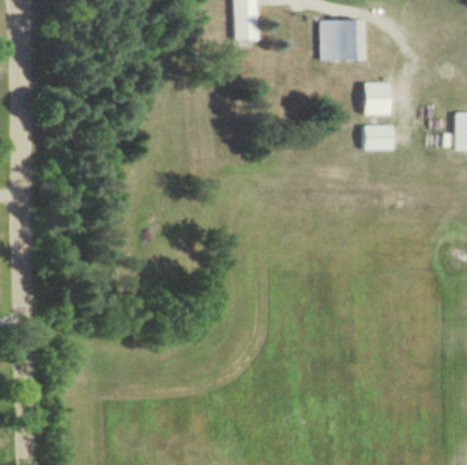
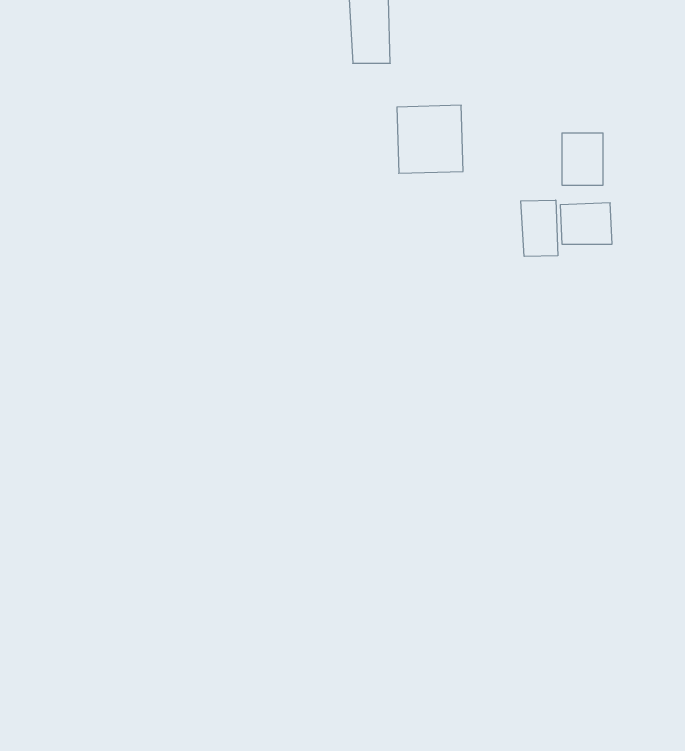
building: [321,19,361,60] -> [397,105,463,173]
building: none -> [521,200,558,256]

